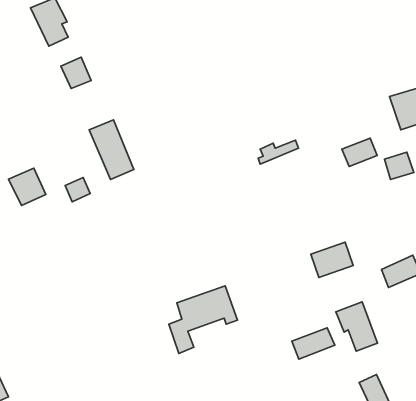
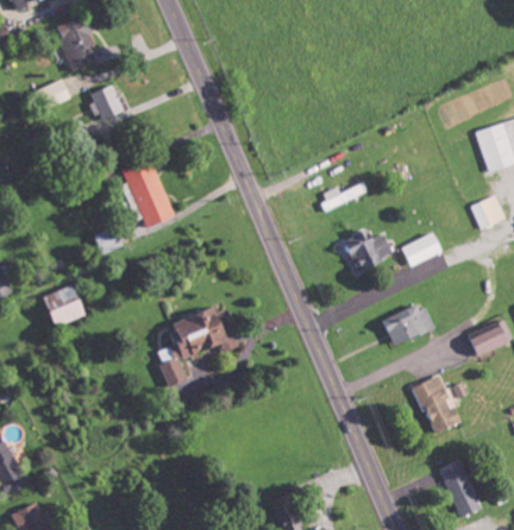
building: [342,138,377,166] -> [401,233,443,266]
building: [9,168,46,206] -> [43,284,87,328]
building: none -> [346,232,391,270]
building: [169,286,237,353] -> [156,305,237,385]
building: [292,328,335,359] -> none

